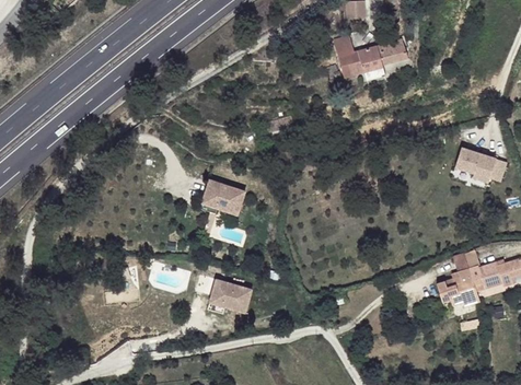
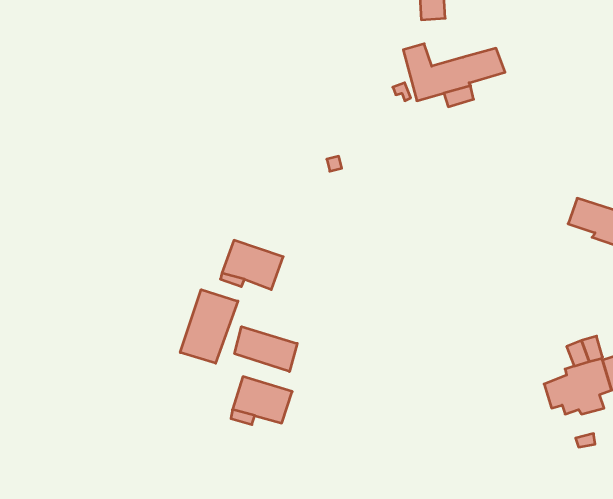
building: none -> [180,290,238,363]
building: none -> [235,327,297,372]

